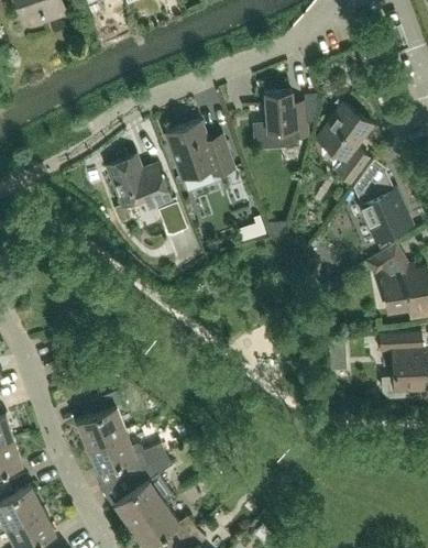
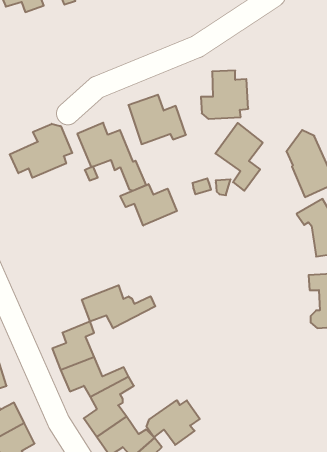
building: [316,103,372,184] -> [215,123,263,191]
building: none -> [10,124,72,178]
building: none -> [120,184,177,226]
building: none -> [82,285,155,328]
building: none -> [147,400,200,445]

